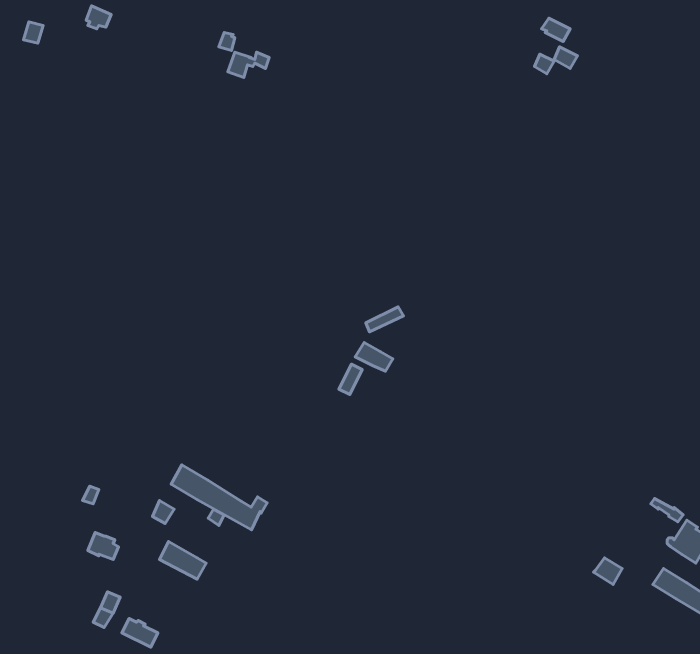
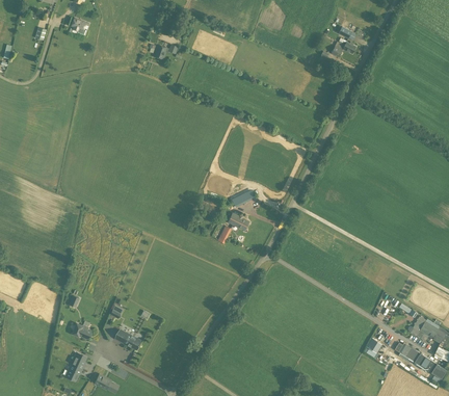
building: [171,465,267,530] -> none

